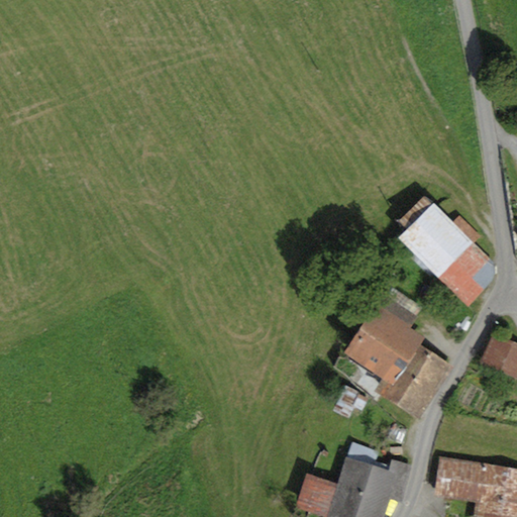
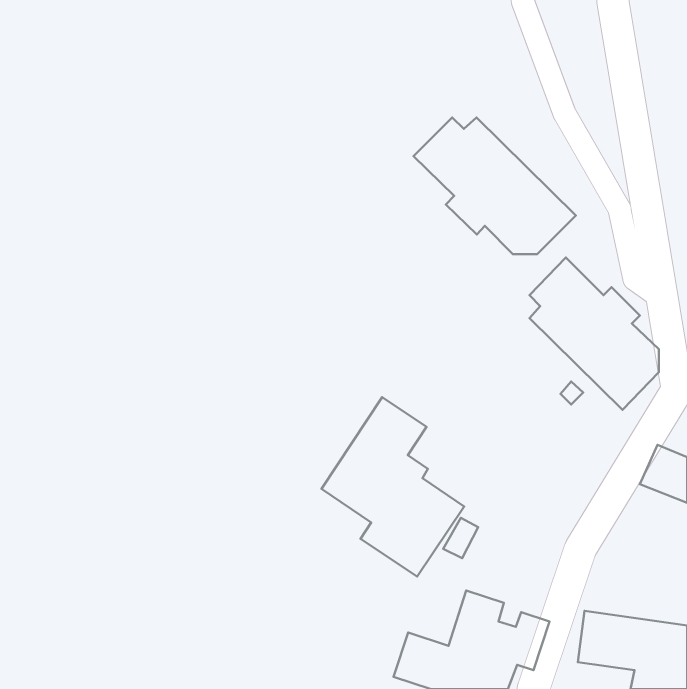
building: none -> [413,118,576,254]
building: [344,285,451,419] -> [321,397,464,577]

